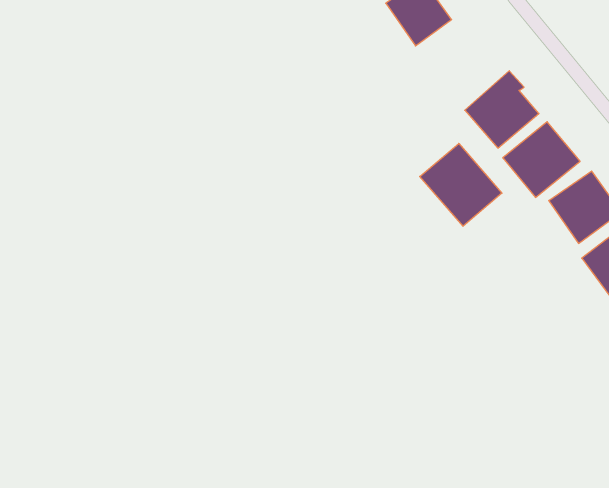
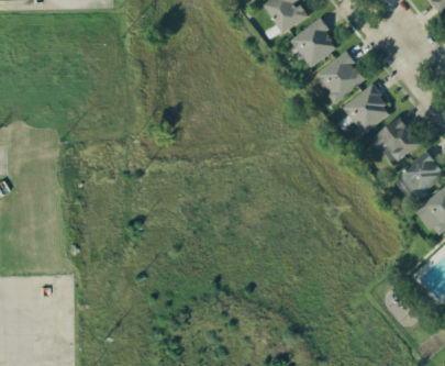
building: none -> [290,18,336,68]
building: [420,143,502,226] -> none

